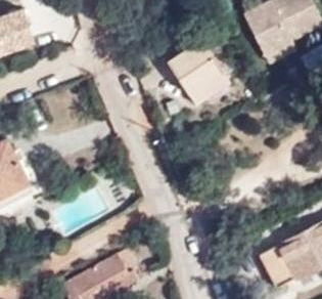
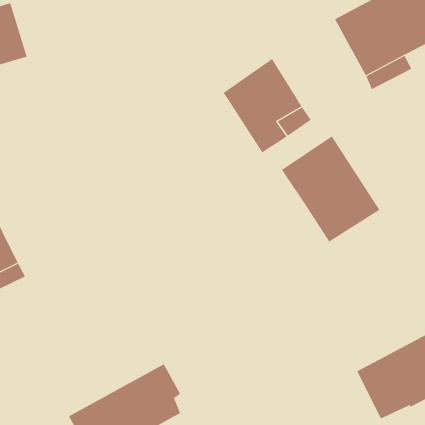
building: none -> [281,136,380,242]

